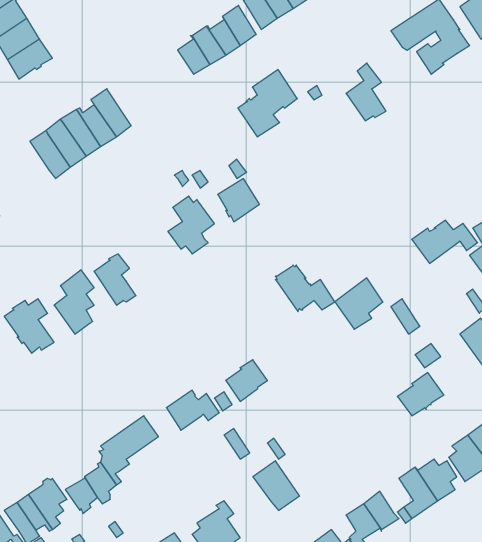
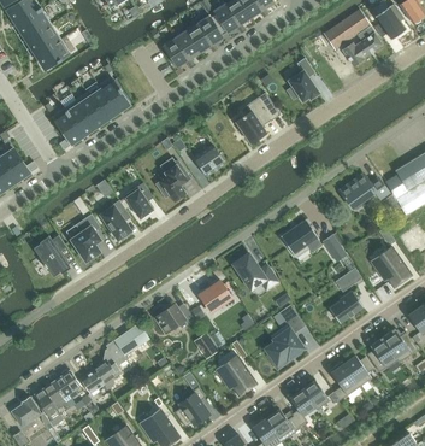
building: [238,70,297,137] -> [235,93,279,143]
building: none -> [123,182,152,218]
building: [275,265,335,312] -> [232,254,277,289]
building: none -> [265,305,305,368]

